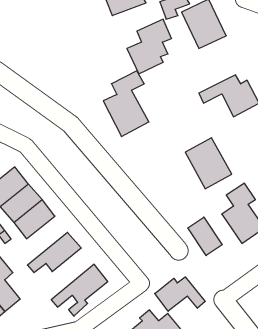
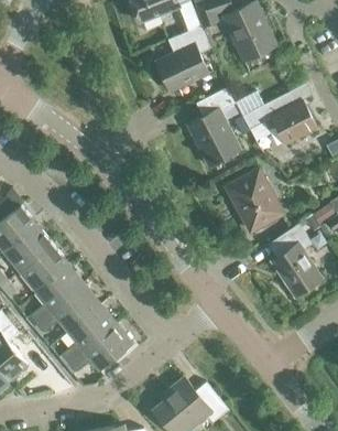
building: [103,71,149,137] -> [185,88,240,168]
building: none -> [29,265,84,324]
building: [188,217,222,256] -> none
building: none -> [57,303,116,366]
building: [155,277,205,311] -> none

